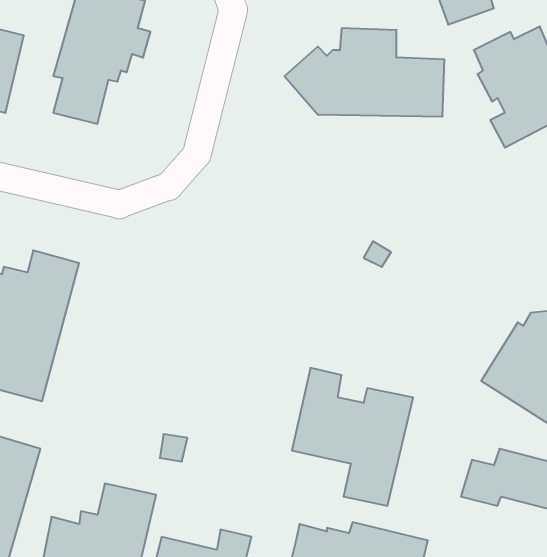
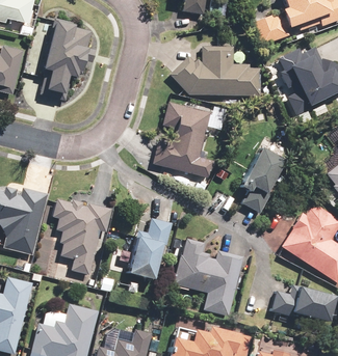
building: none -> [154,102,213,176]
building: none -> [239,138,286,215]
building: none -> [52,198,111,275]
building: none -> [128,218,172,278]

